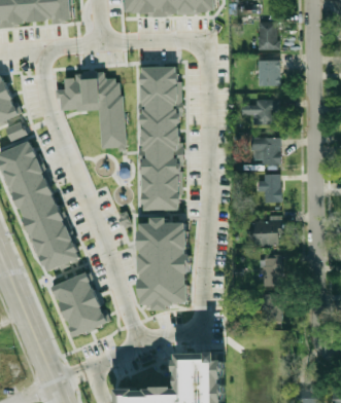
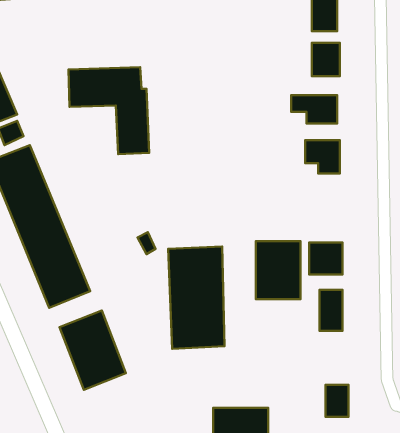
building: [142,68,180,212] -> none
building: [264,175,281,203] -> none
building: none -> [256,241,301,299]
building: [265,295,283,321] -> [325,385,348,417]

